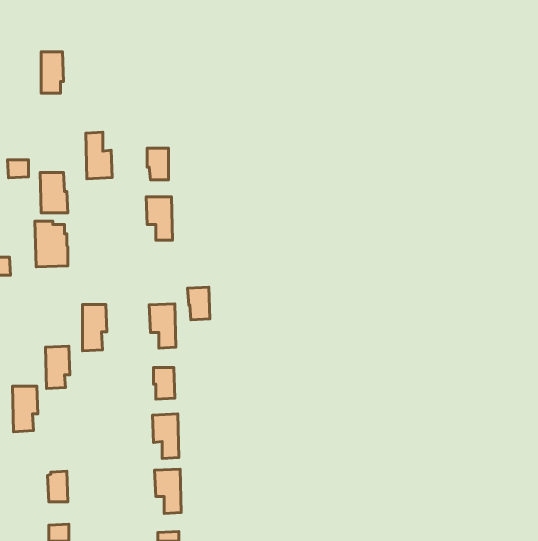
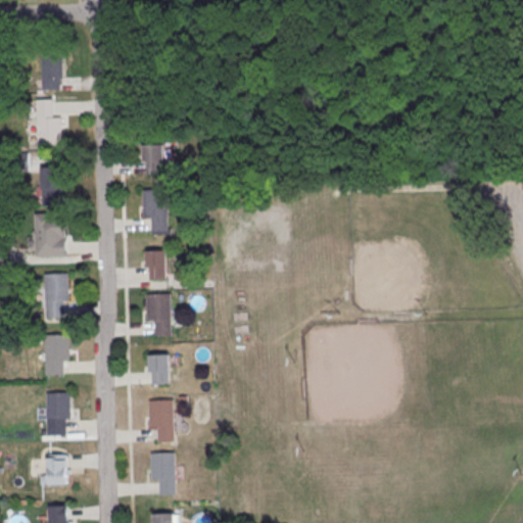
building: [86,132,112,179] -> [36,99,61,144]
building: [188,287,210,320] -> [145,249,167,281]
building: [82,304,107,351] -> [44,274,67,319]
building: [12,386,38,432] -> [45,392,69,436]

